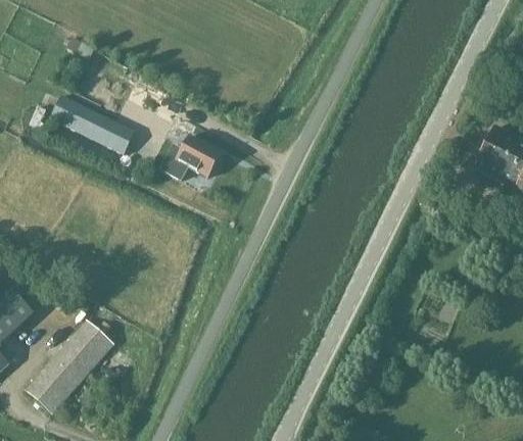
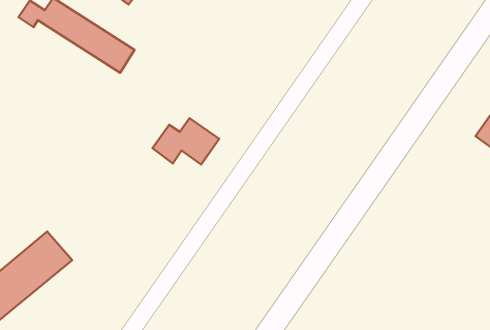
building: [160,135,222,180] -> [152,118,219,164]

